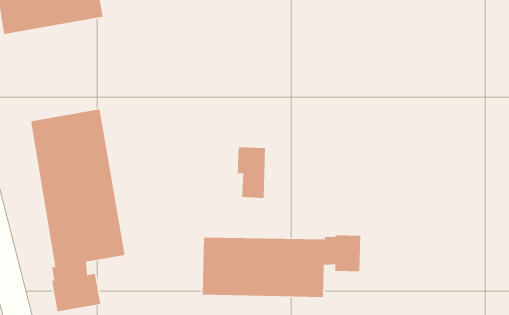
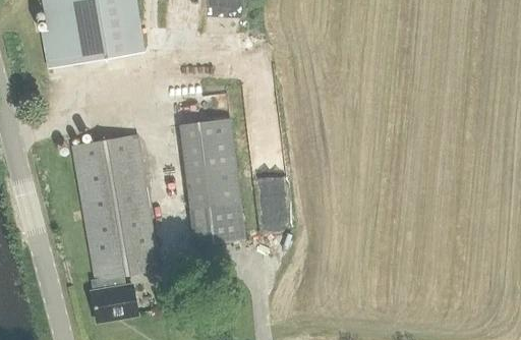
building: none -> [180,118,245,246]
building: [202,235,361,298] -> none

